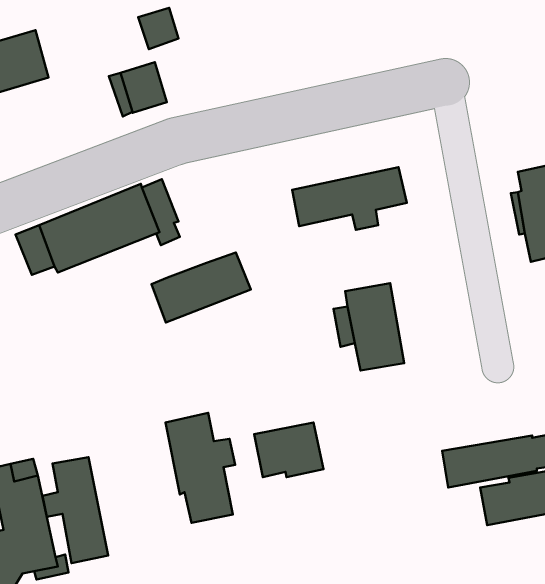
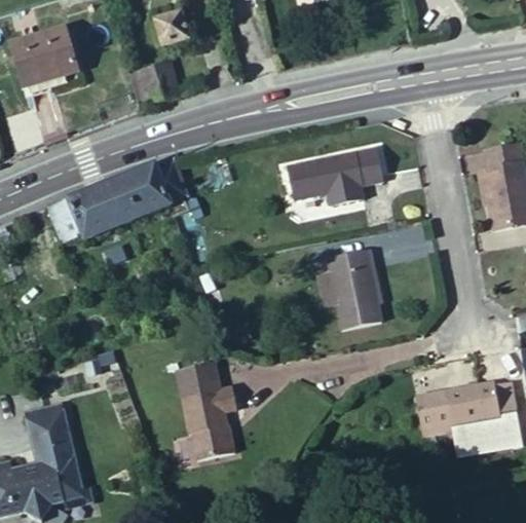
building: [151,253,251,322] -> none
building: [254,422,323,477] -> none
building: [43,457,108,563] -> none

